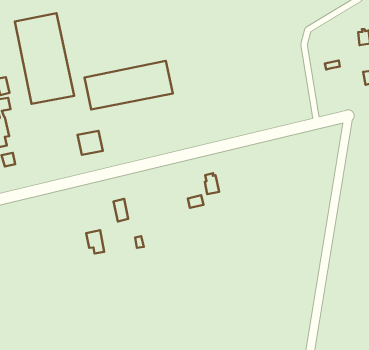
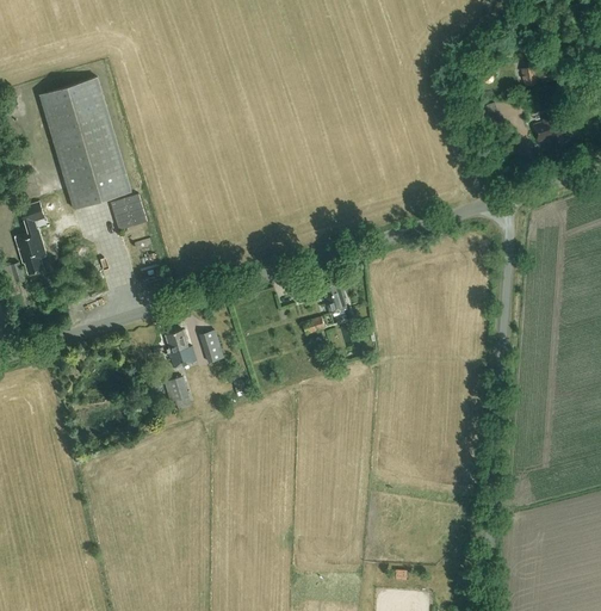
building: [85,61,173,109] -> none
building: [78,131,103,155] -> [110,195,147,230]
building: none -> [165,329,196,368]

